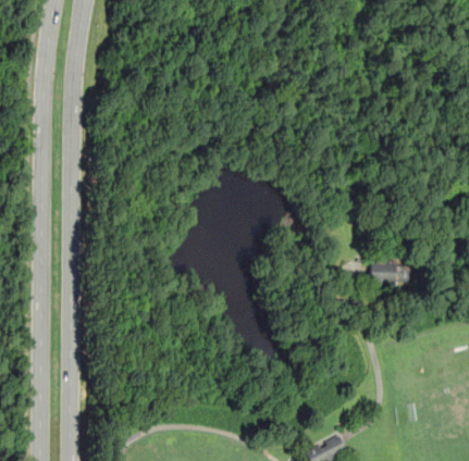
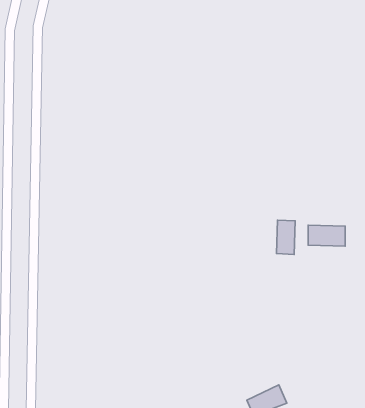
building: none -> [277,220,295,254]

